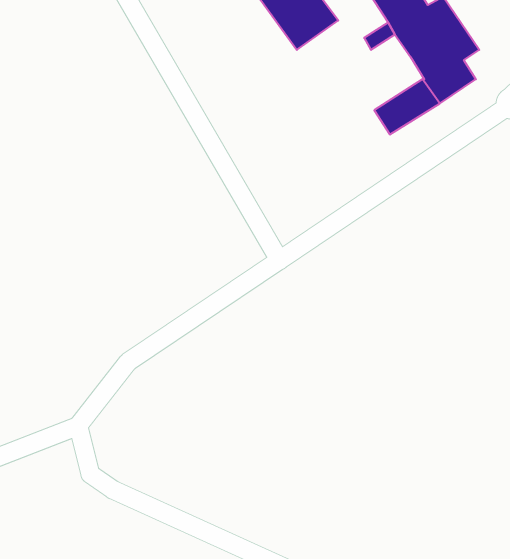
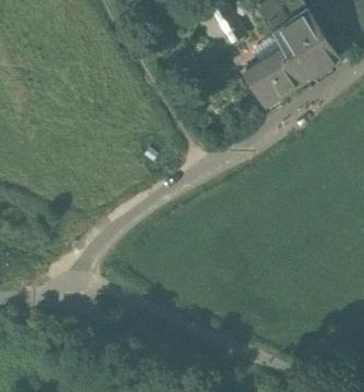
building: none -> [253,51,297,103]

